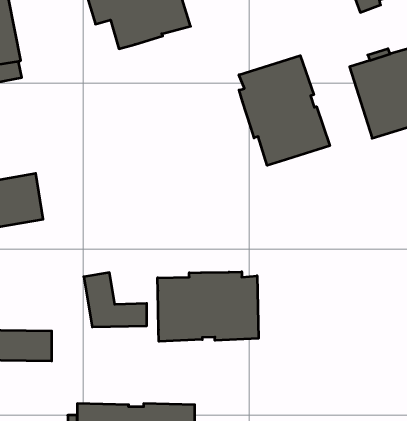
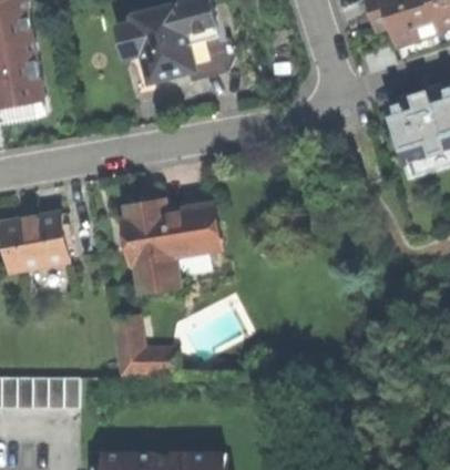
building: [239,56,330,165] -> none
building: none -> [122,198,211,289]
building: [158,272,258,341] -> none

